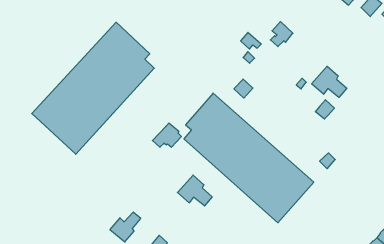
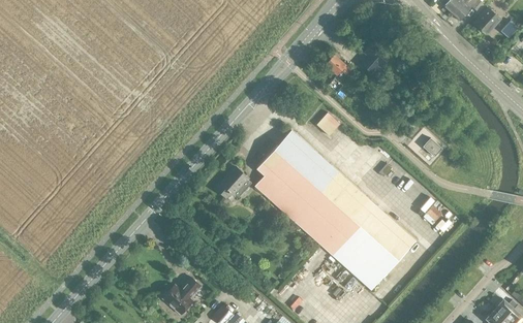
building: [32,22,154,154] -> none
building: [312,66,347,97] -> none
building: [177,175,212,206] -> none

